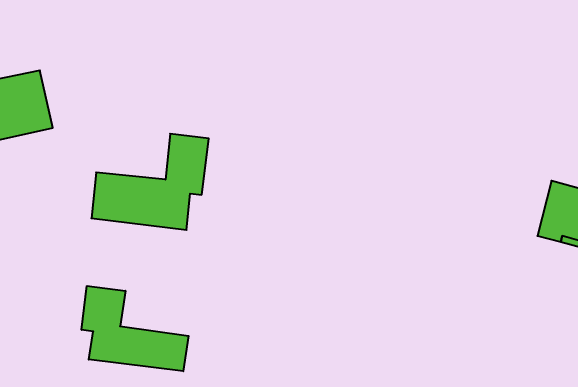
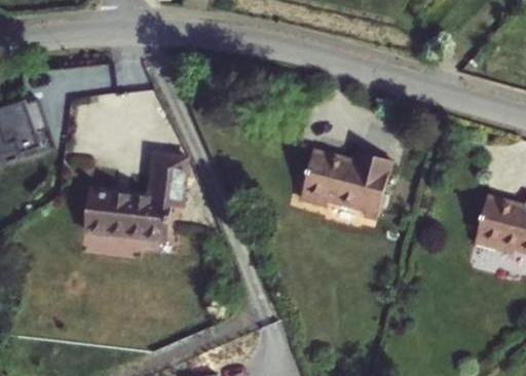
building: none -> [300,154,390,219]
building: [82,286,189,371] -> none

